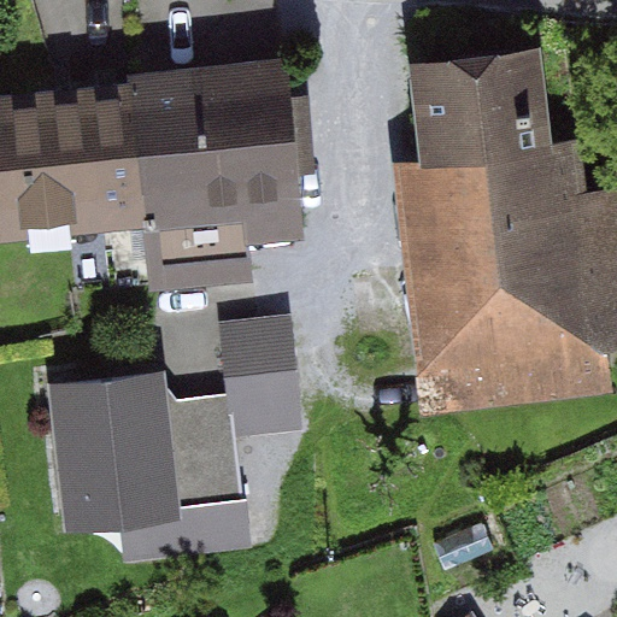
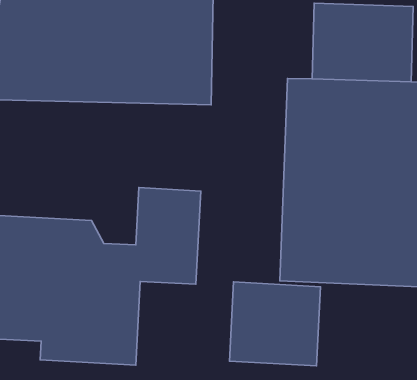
building: none -> [229,282,321,366]

